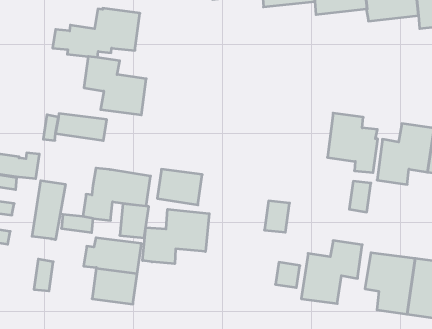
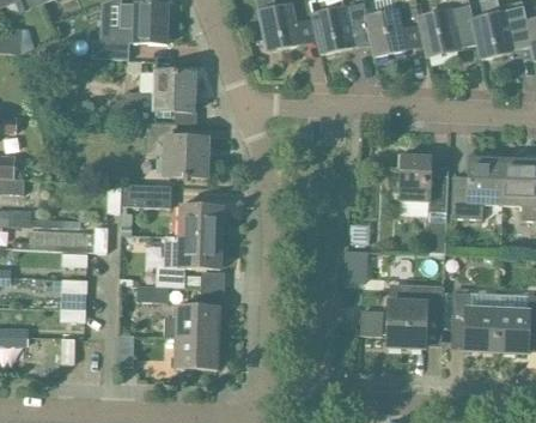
building: [157,169,202,205] -> [181,205,224,237]
building: [32,181,65,240] -> none
building: [143,209,209,264] -> none

